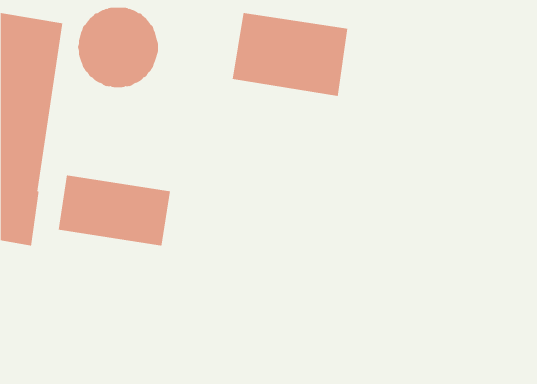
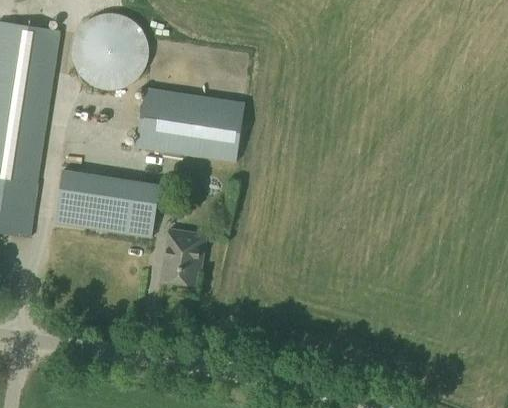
building: [232,13,348,96] -> [136,87,244,165]
building: none -> [161,228,206,285]

